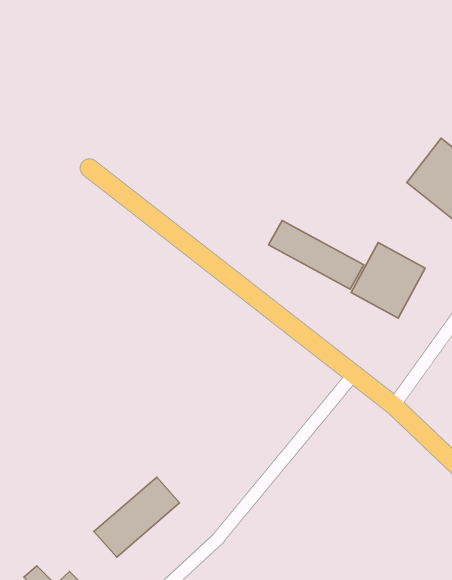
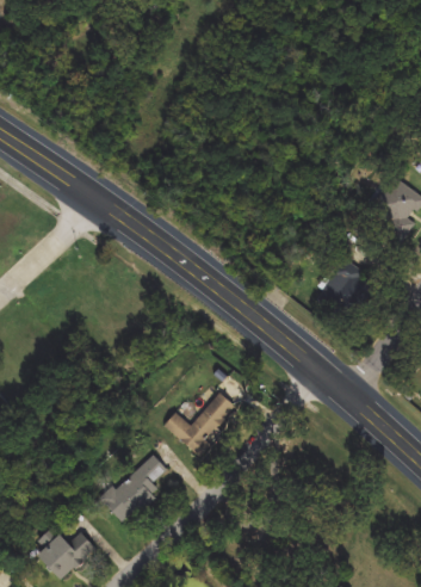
building: [268,220,364,289] -> none
building: none -> [161,393,234,455]

